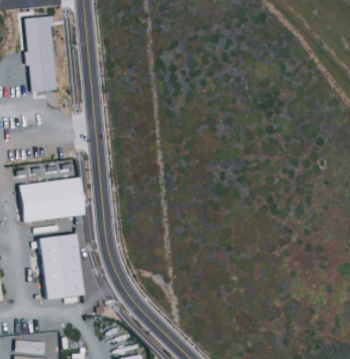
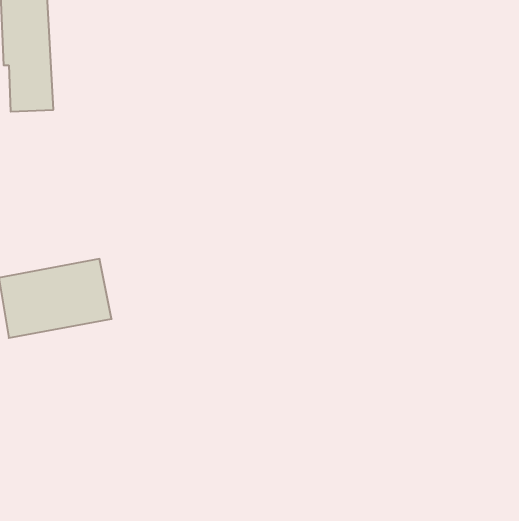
building: [37,232,83,298] -> none

